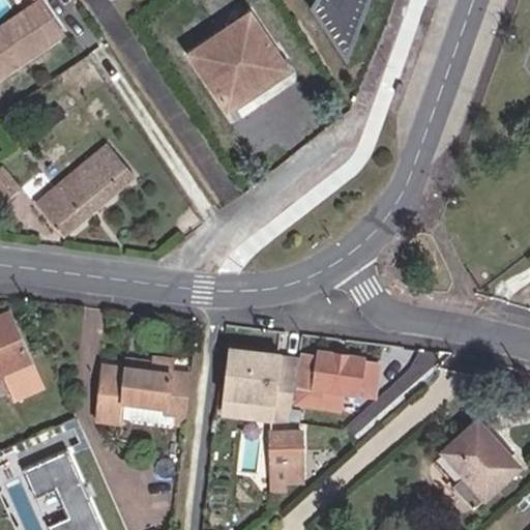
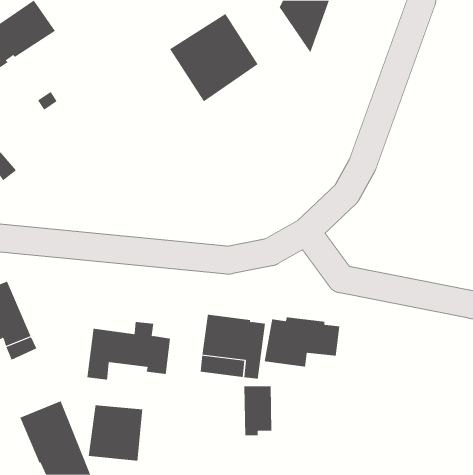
building: [34,146,132,239] -> none
building: [430,422,517,508] -> none
building: none -> [88,405,143,461]

